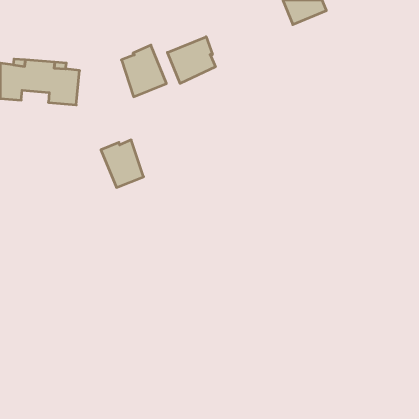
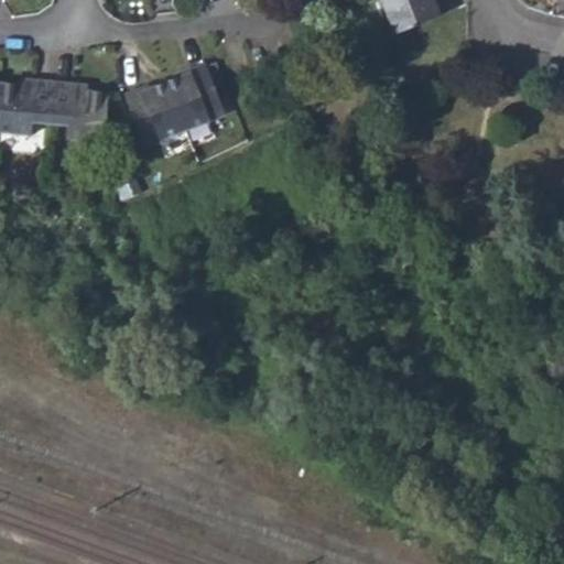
building: [167,37,215,83] -> none
building: [101,140,144,187] -> [122,80,180,144]

